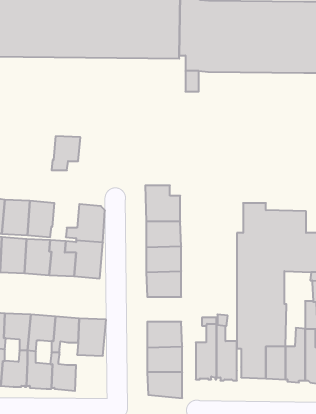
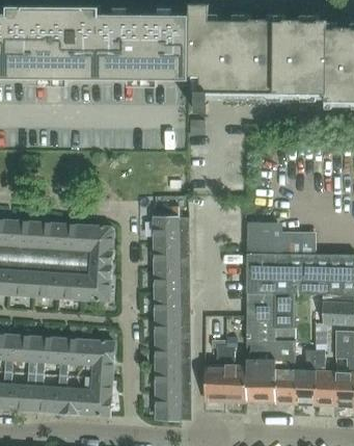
building: [52,136,80,170] -> [57,225,86,259]
building: none -> [155,319,189,344]
building: none -> [82,377,110,415]

